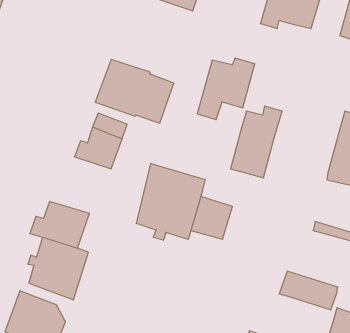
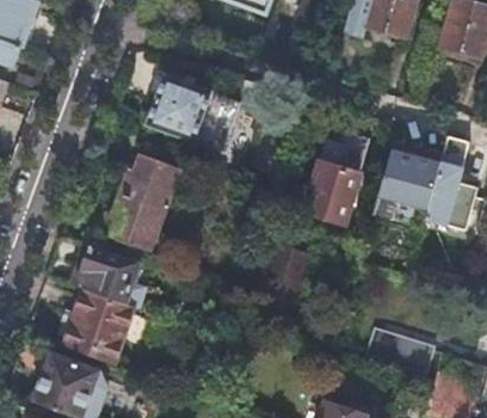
building: [197,58,255,120] -> [371,150,440,225]
building: none -> [104,191,166,250]
building: [136,163,205,240] -> none

